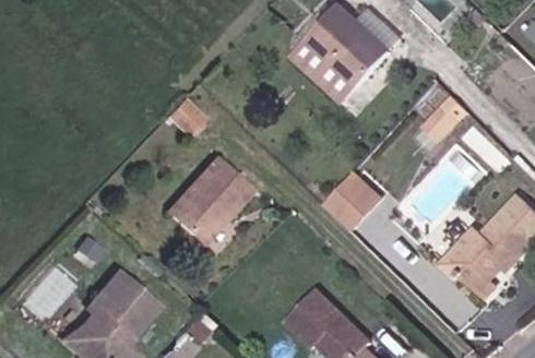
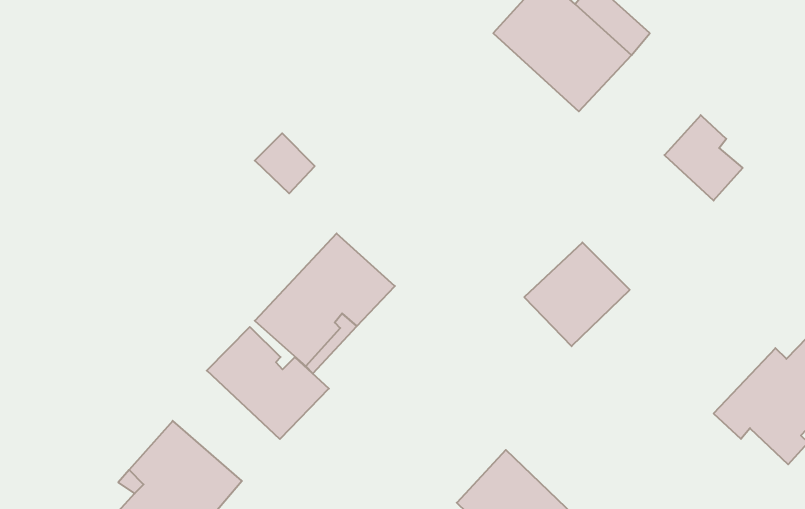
building: [290,38,357,102] -> none
building: none -> [207,327,329,439]

